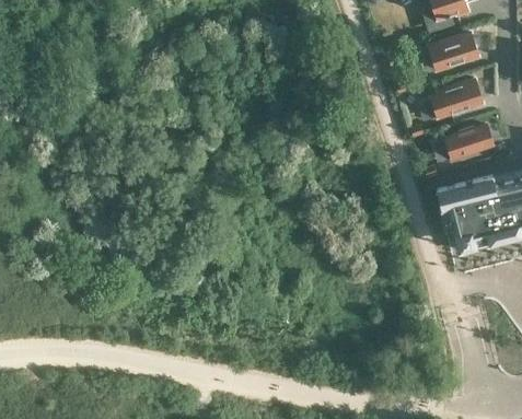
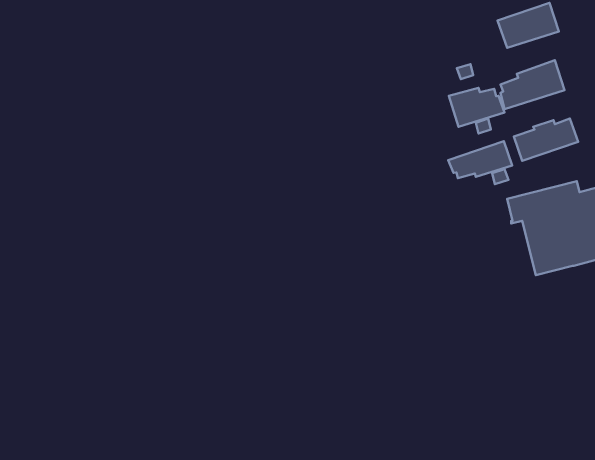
building: none -> [449,88,504,127]
building: none -> [448,141,512,178]

